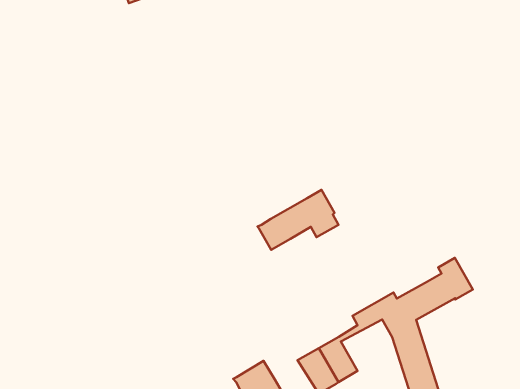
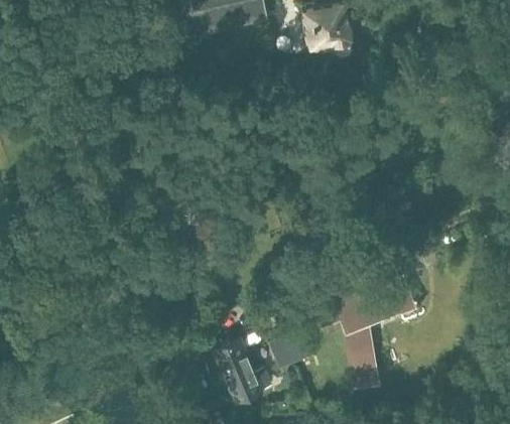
building: [257,190,338,250] -> none

